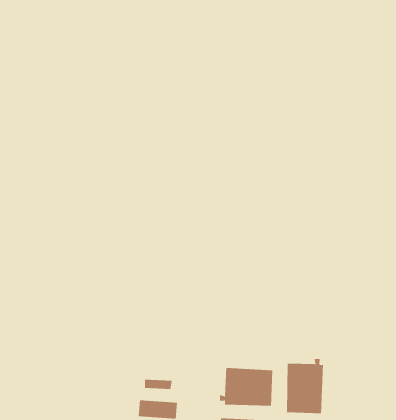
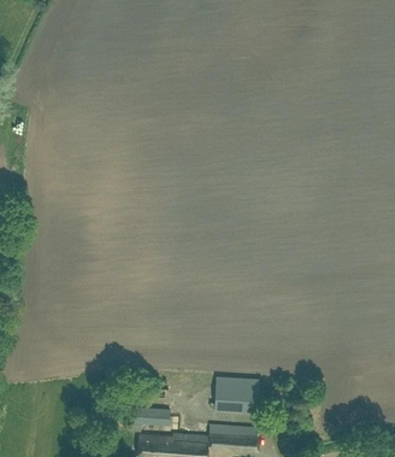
building: [286,358,324,414] -> none

